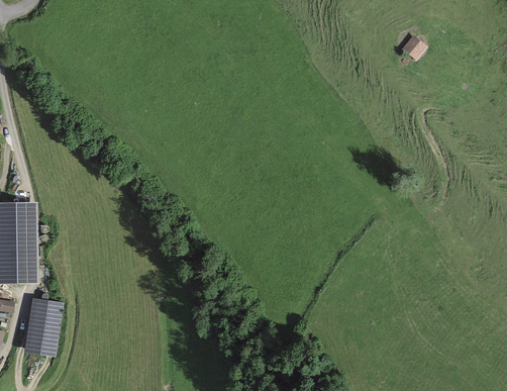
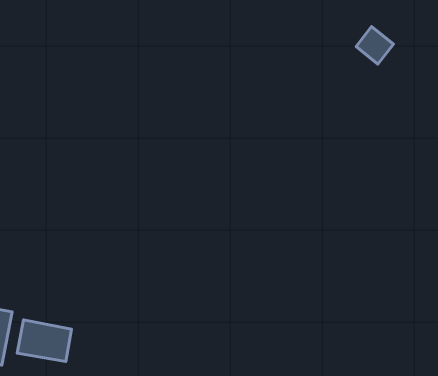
building: none -> [17,320,72,361]

